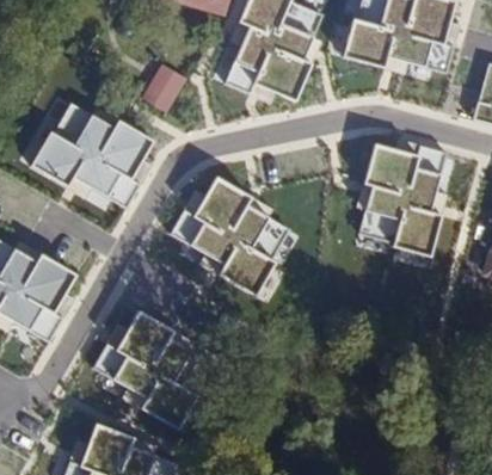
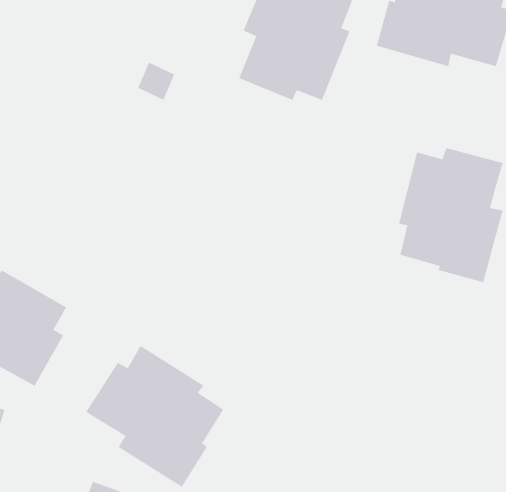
building: [29,104,153,209] -> none
building: [171,178,289,300] -> none

